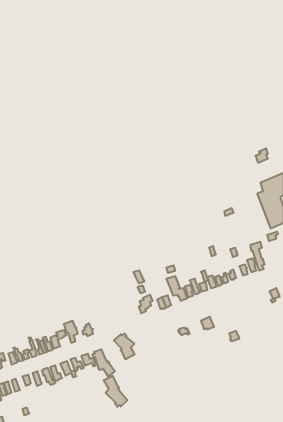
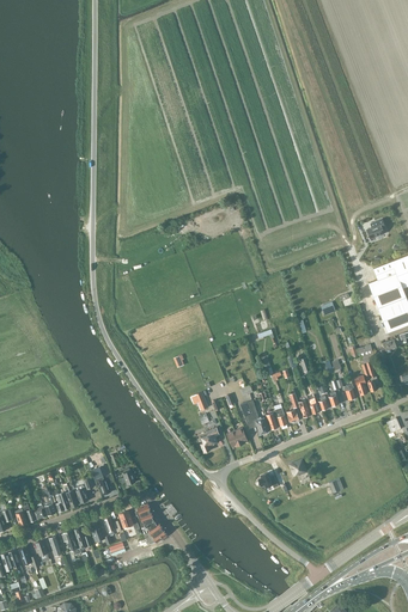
building: [114,333,135,359] -> none
building: [104,376,127,407] -> none

